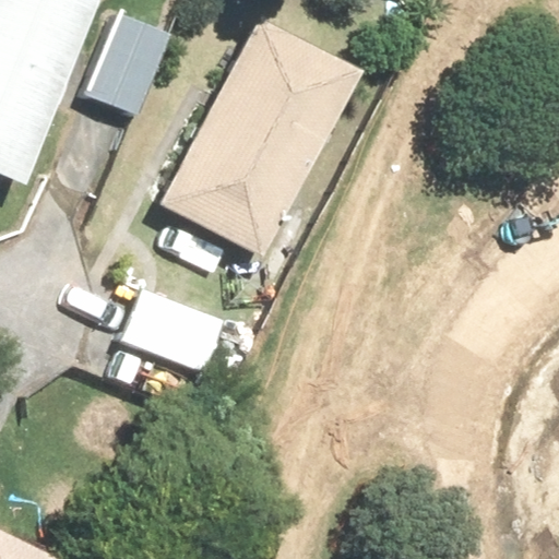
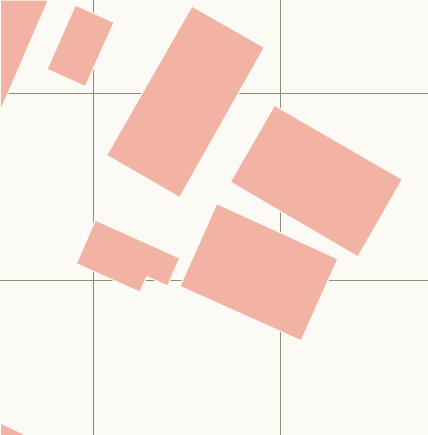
building: none -> [230,105,402,257]
building: none -> [180,203,338,341]

